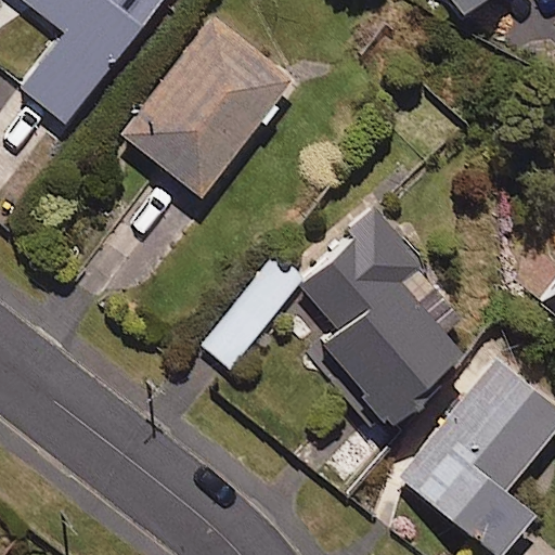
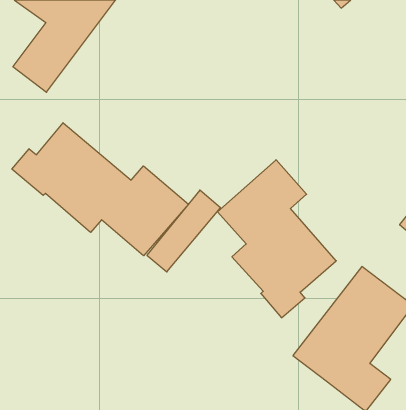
building: [122,17,291,194] -> none
building: none -> [12,123,188,256]

